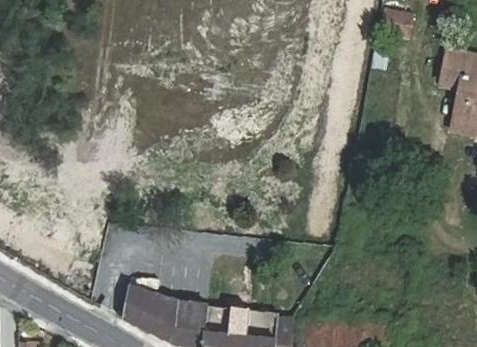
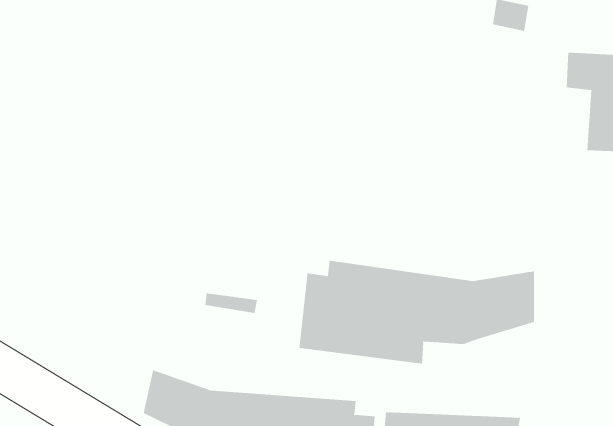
building: none -> [299,260,535,364]

